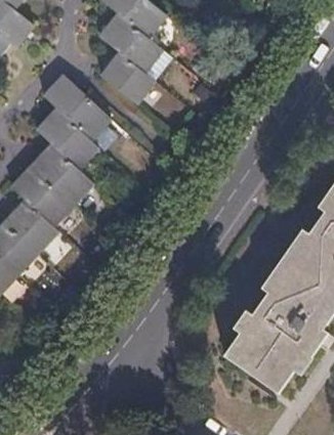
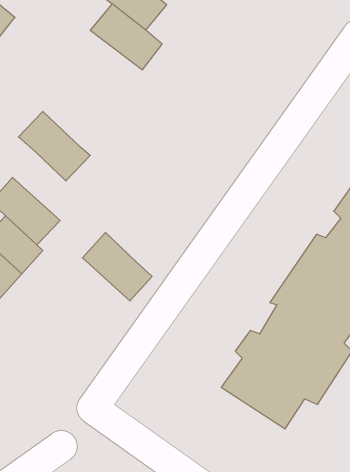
building: [102,53,156,104] -> none
building: [45,77,112,141] -> none
building: [32,145,93,206] -> [82,232,152,301]

